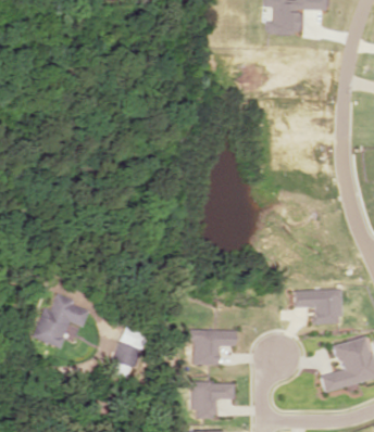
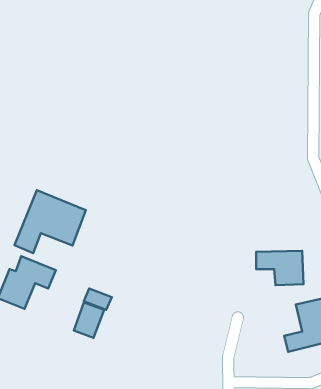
building: none -> [14,190,86,253]
building: [187,329,235,364] -> none
building: [192,382,236,417] -> none

